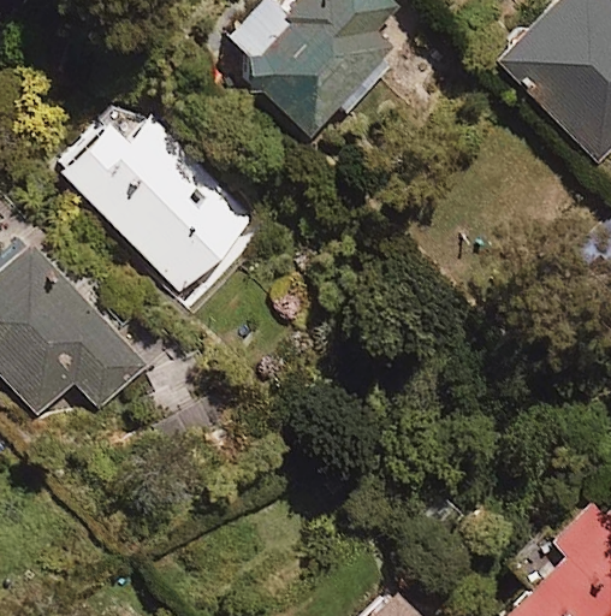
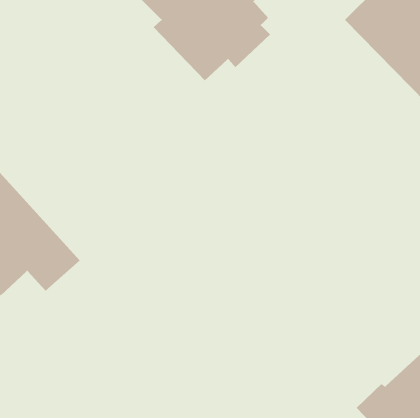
building: [58,116,256,300] -> none

